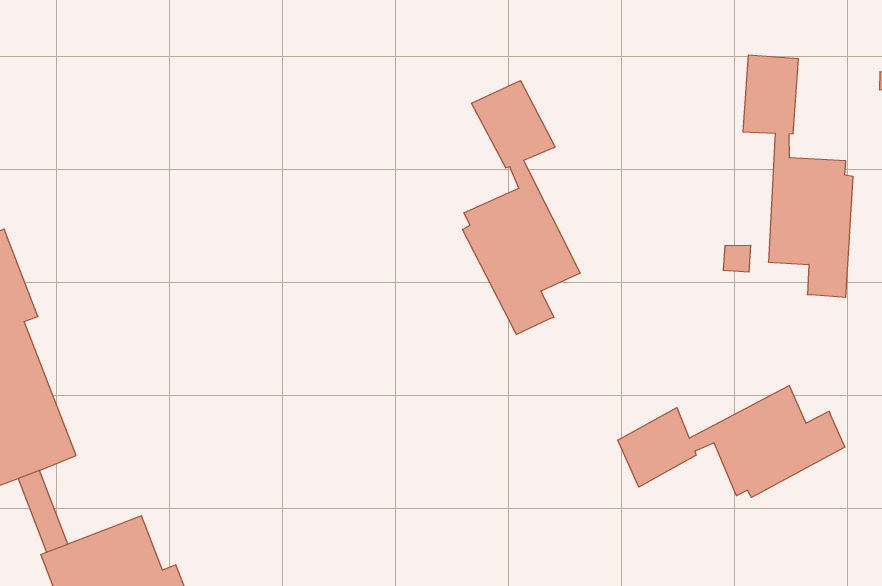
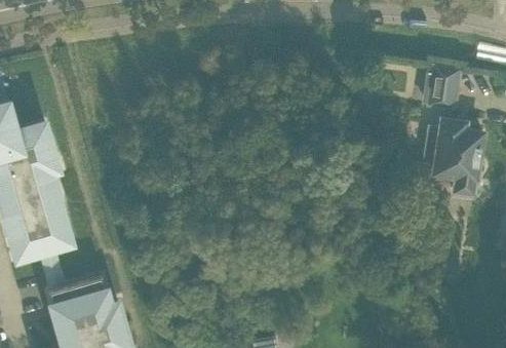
building: [462,81,580,335] -> none
building: [618,386,845,497] -> none

